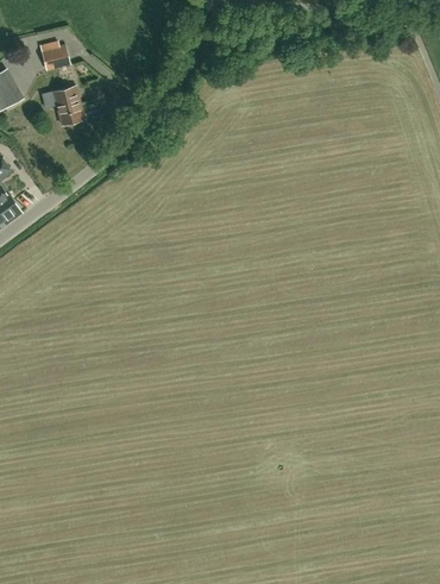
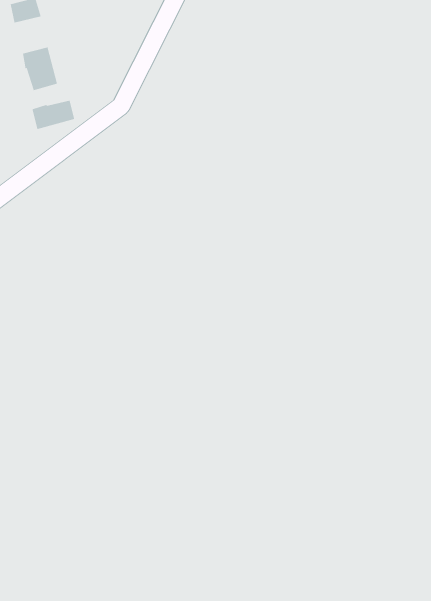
building: none -> [32,100,75,130]

